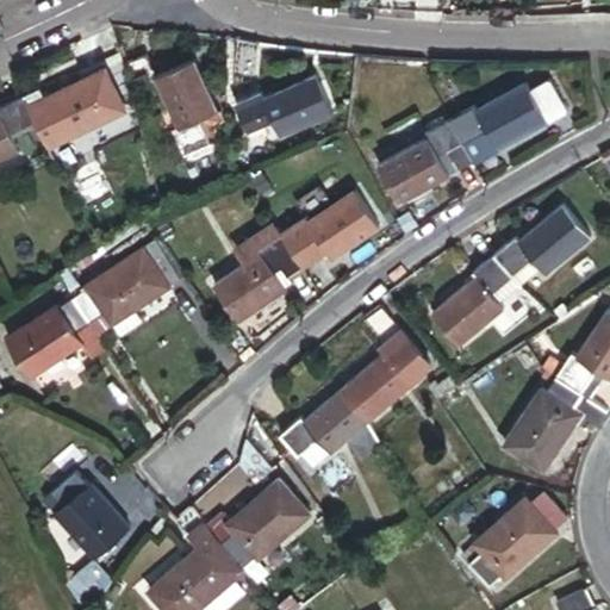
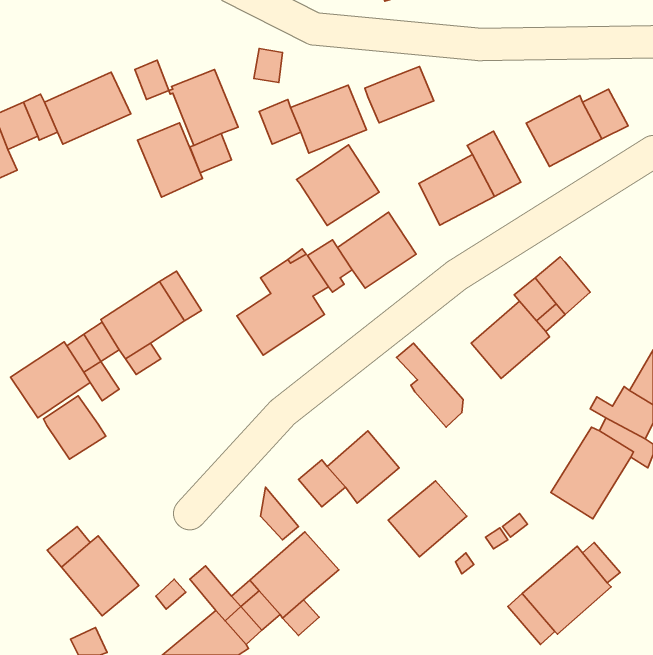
building: none -> [365,66,434,123]
building: [449,105,500,166] -> none
building: none -> [138,123,203,197]
building: none -> [297,145,379,226]
building: [515,201,587,272] -> none
building: [335,356,406,425] -> [388,481,467,557]
building: none -> [43,396,106,459]

